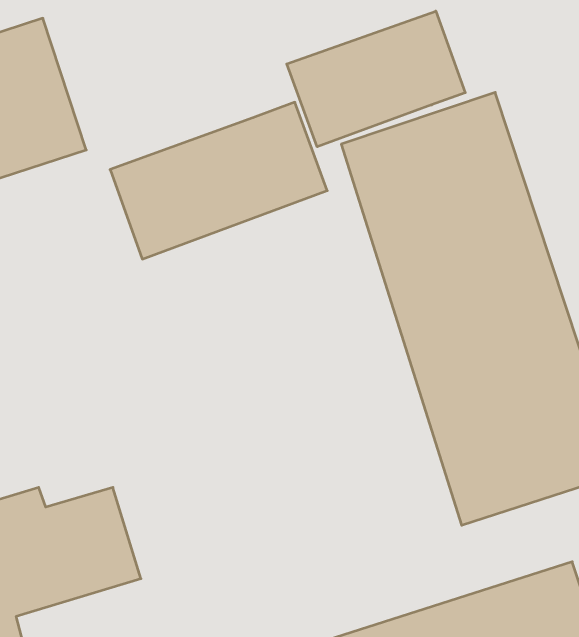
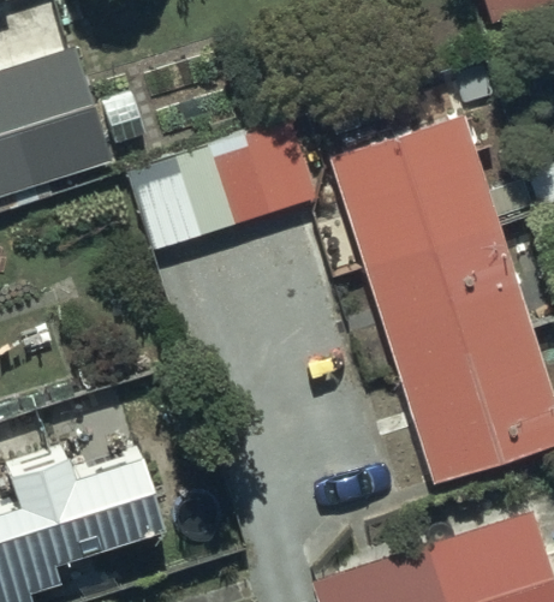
building: [287,11,465,147] -> none

